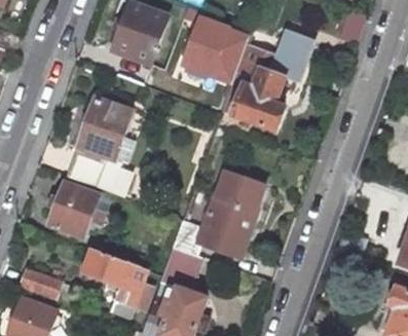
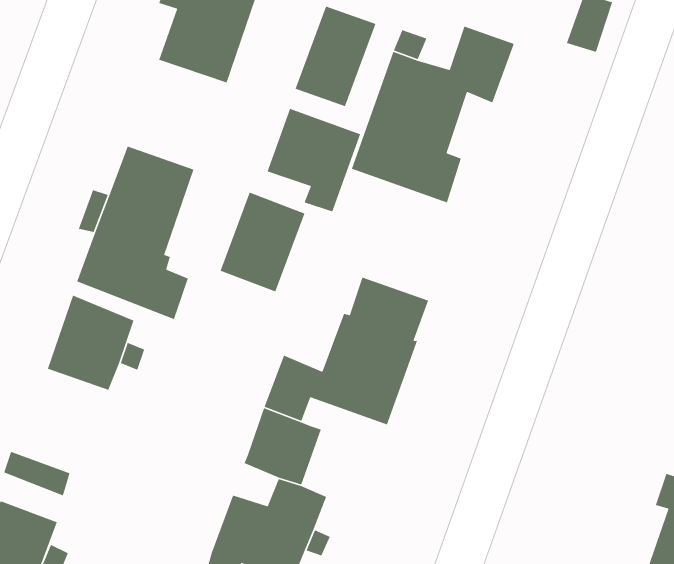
building: none -> [267,108,361,213]
building: none -> [220,192,305,293]
building: [86,247,148,315] -> none

